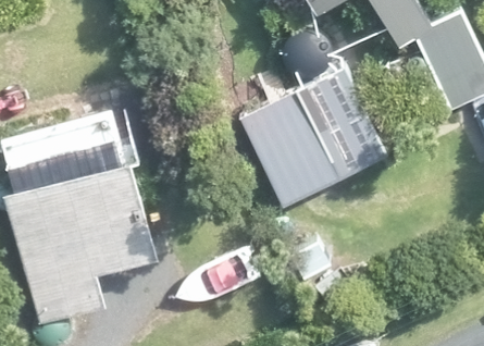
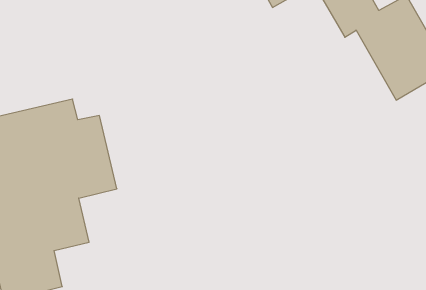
building: [282,64,385,187] -> none

